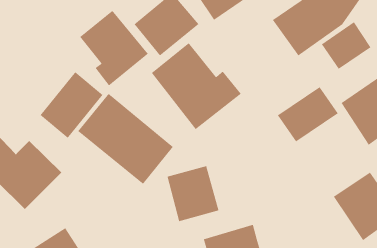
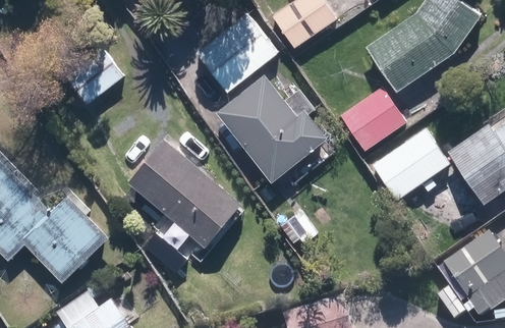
building: [79,10,149,86] -> none
building: [321,21,371,70] -> [341,88,403,148]
building: [39,71,104,139] -> none
building: [167,165,219,222] -> none

